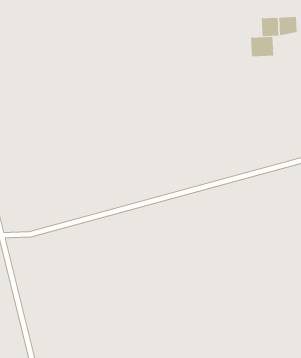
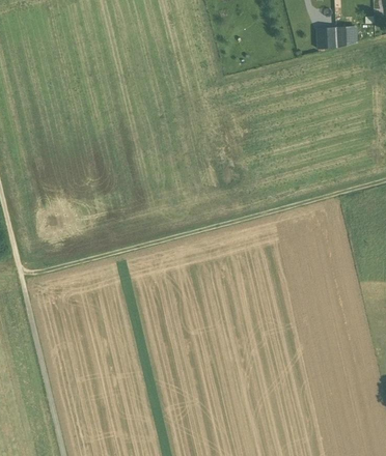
building: [250,36,274,57] -> none

